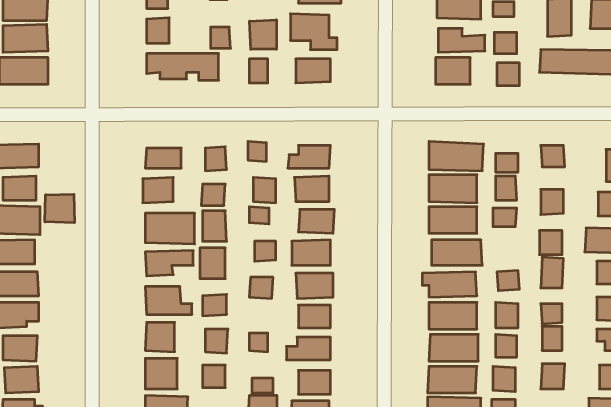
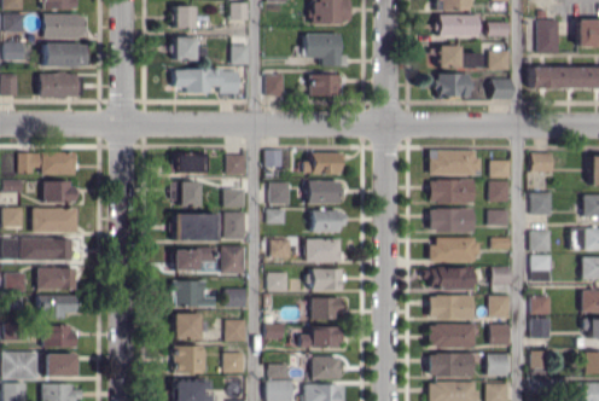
building: [250,20,276,49] -> none
building: [45,194,74,223] -> none

